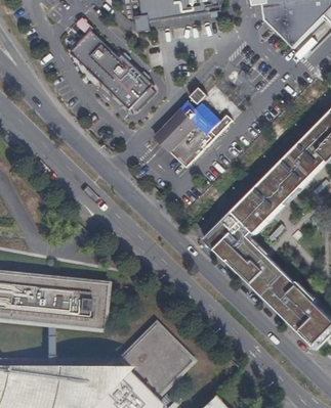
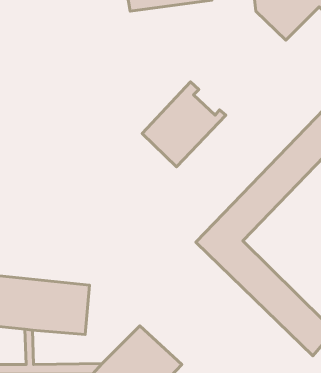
building: [72,31,156,110] -> none

